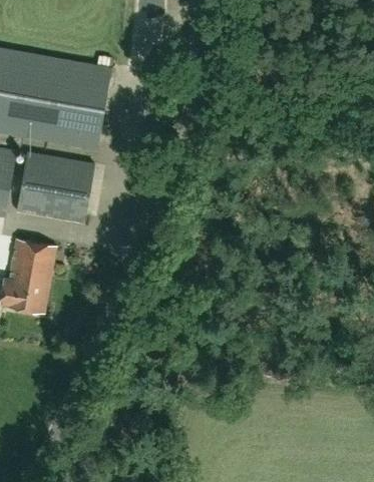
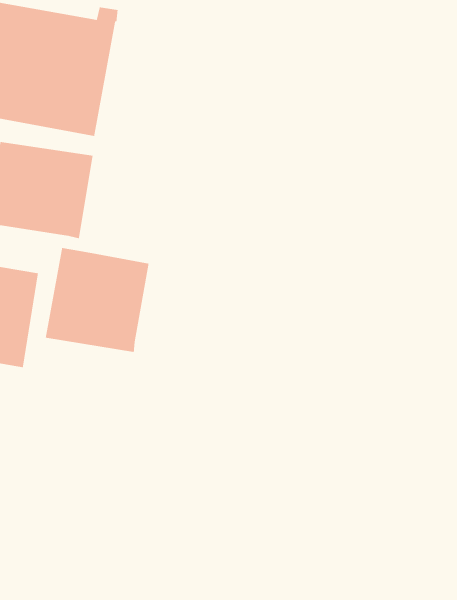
building: none -> [45,247,149,353]

